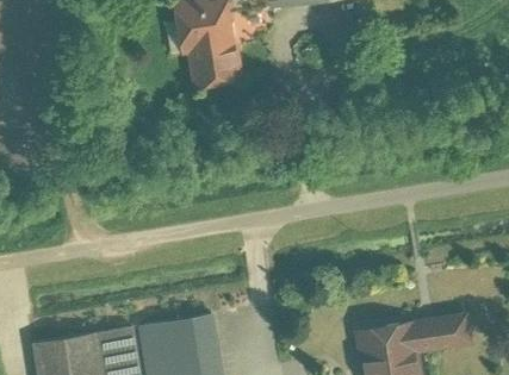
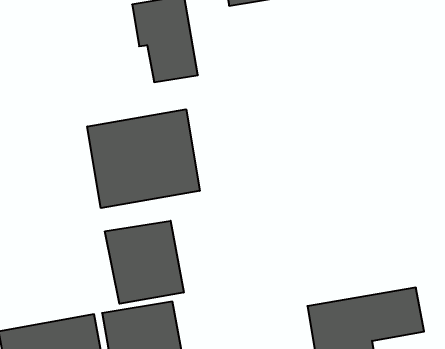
building: none -> [87,109,200,208]
building: none -> [105,221,184,304]

